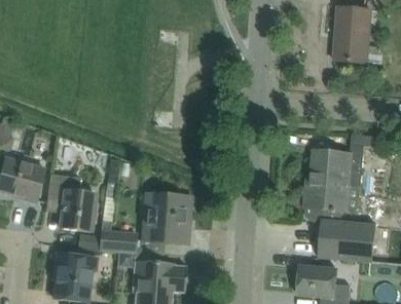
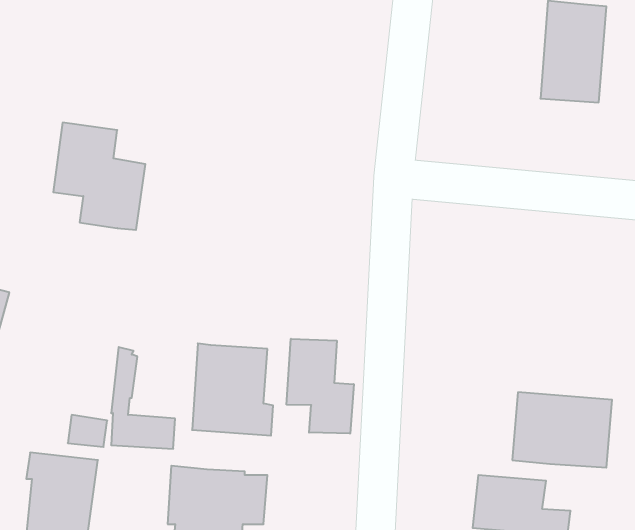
building: [305,134,381,211] -> none
building: [44,173,95,231] -> [53,123,145,230]
building: none -> [287,339,354,434]

